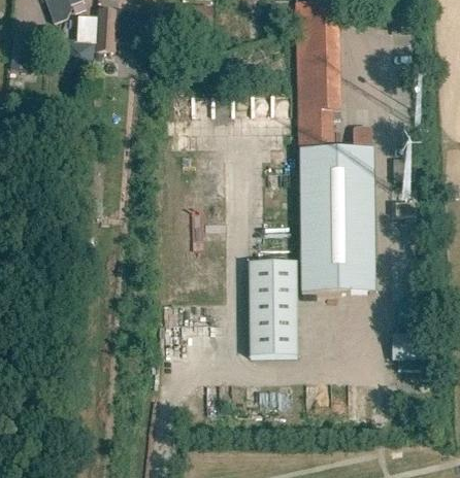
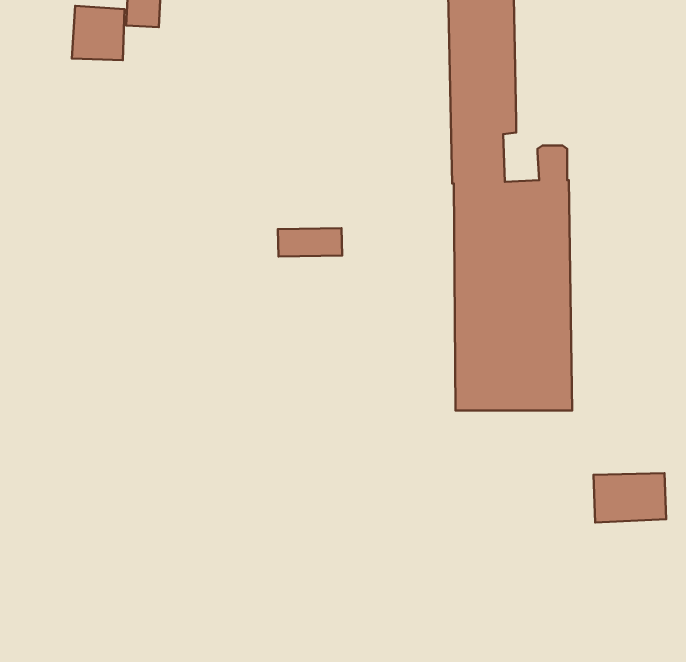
building: none -> [278,228,342,256]
building: [250,260,296,355] -> none

